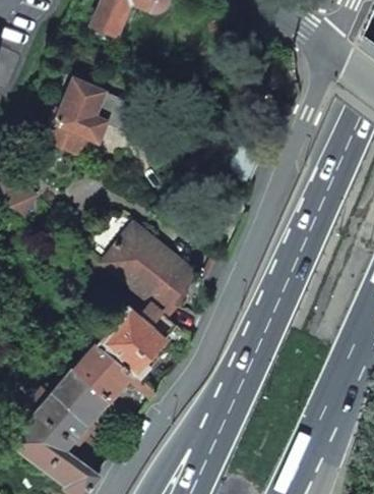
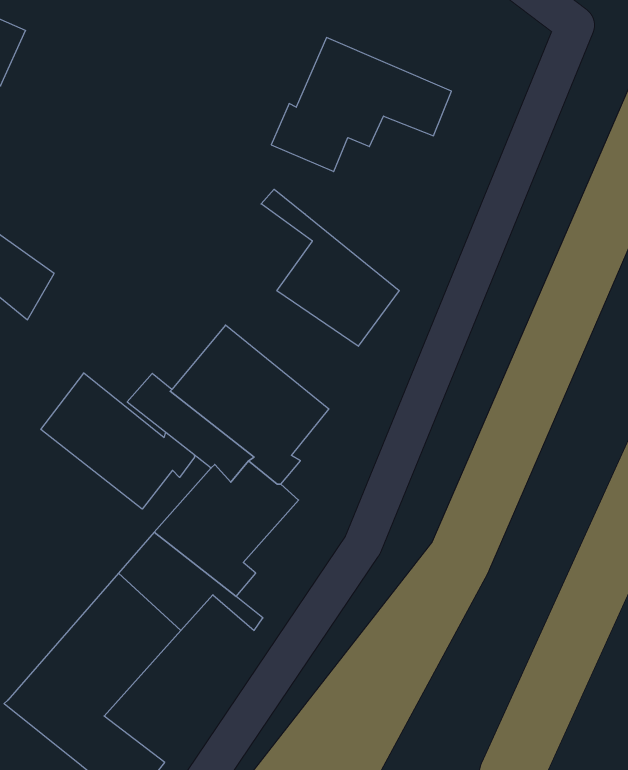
building: [43,79,145,156] -> [271,38,451,172]
building: none -> [261,189,399,346]
building: none -> [41,373,195,509]

